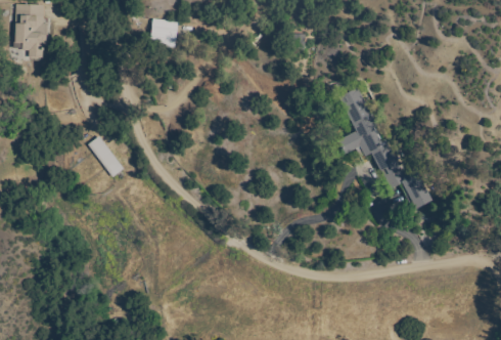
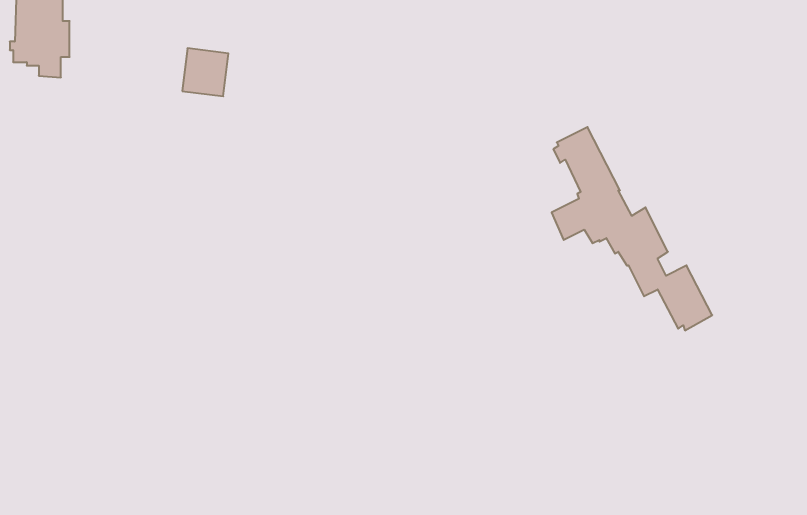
building: [150,18,178,47] -> [182,48,228,96]
building: [88,136,124,177] -> none

